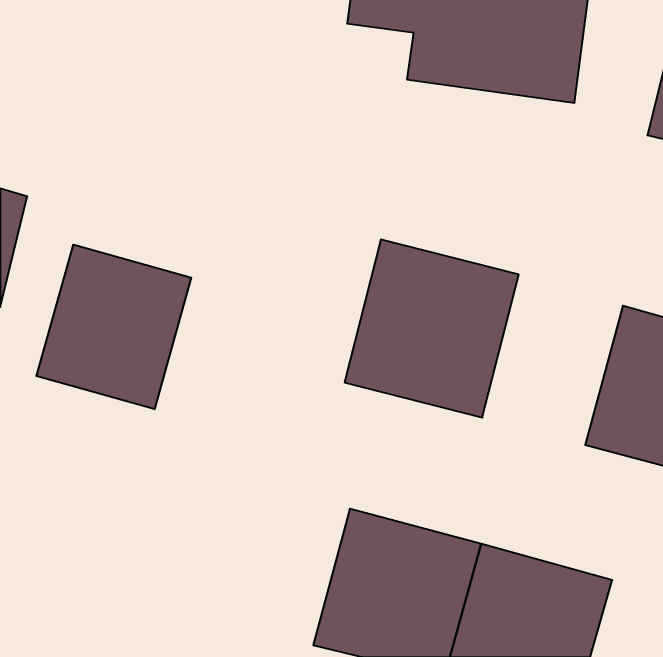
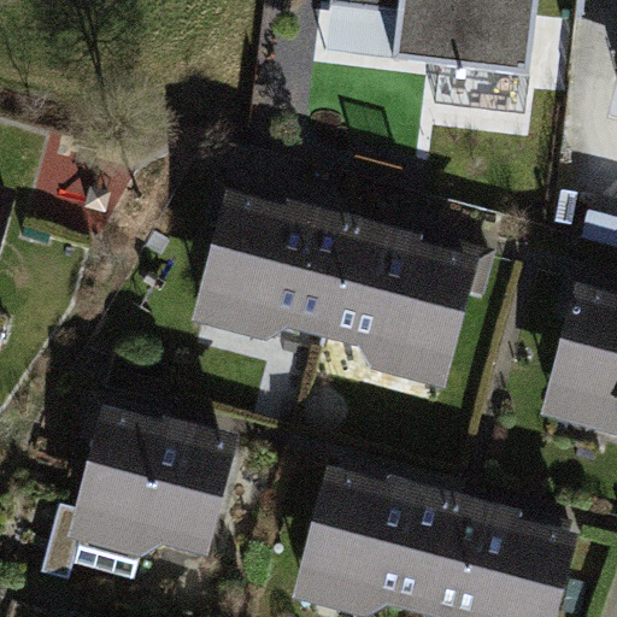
building: none -> [193,190,354,354]
building: [37,245,191,409] -> none
building: none -> [65,404,233,565]

